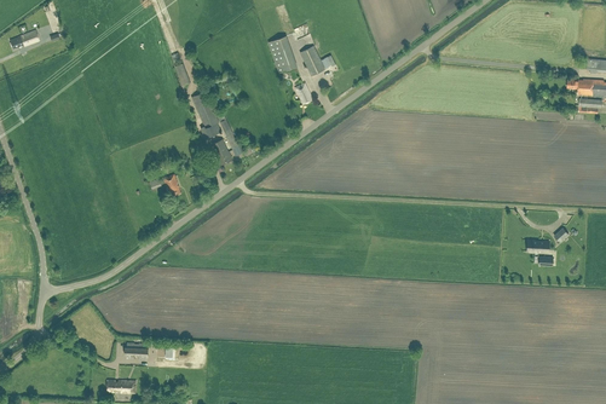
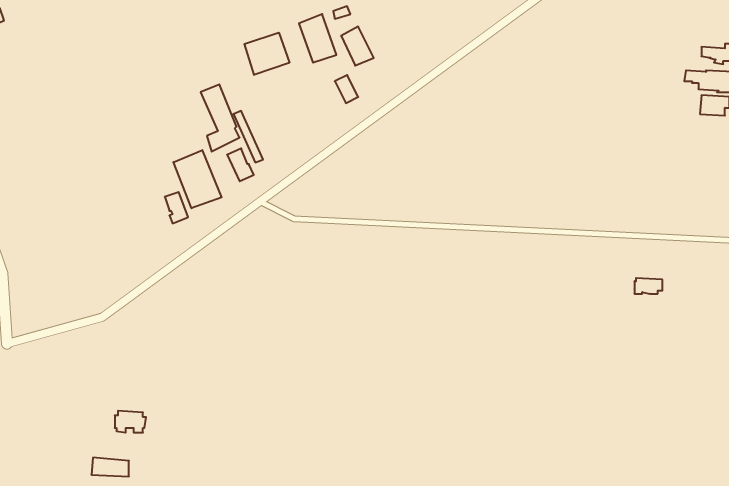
building: none -> [244,33,289,75]
building: none -> [173,150,222,208]

